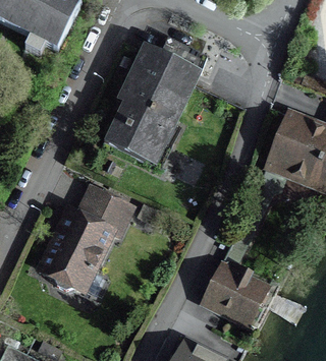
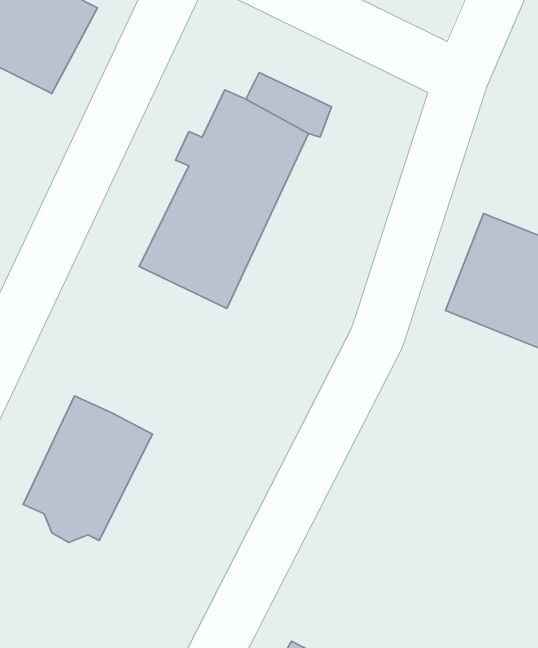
building: [90,194,131,237] -> none
building: [203,266,267,326] -> none

